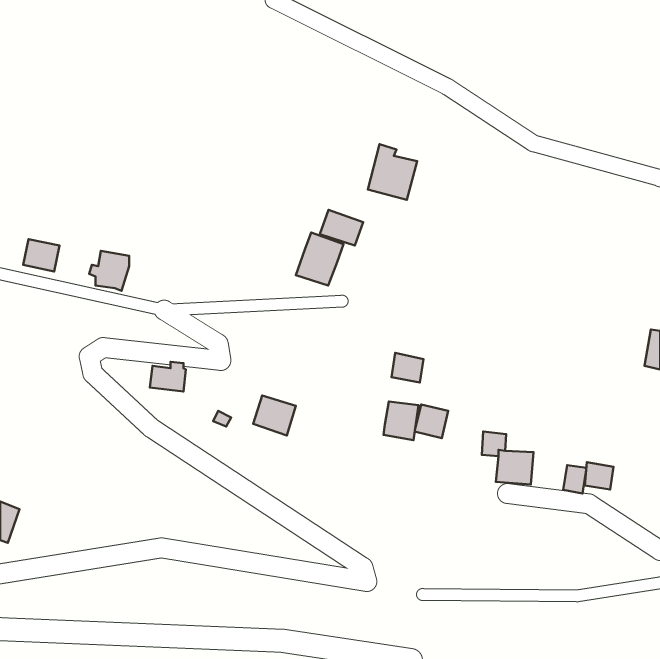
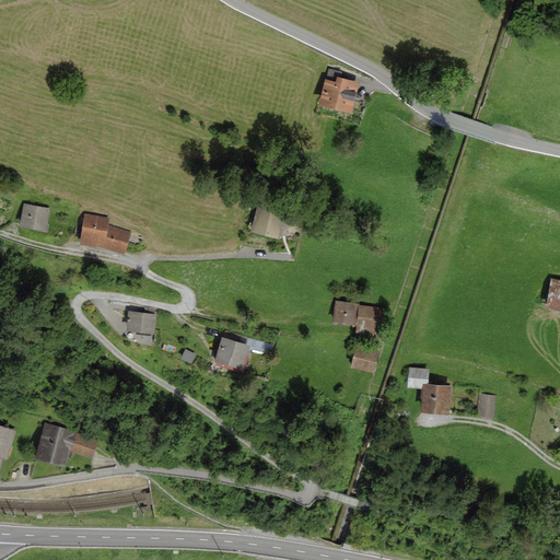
building: [368,144,417,200] -> [318,69,360,116]
building: [320,210,363,246] -> none
building: none -> [103,226,130,253]
building: [384,401,419,440] -> [354,305,384,338]
building: [585,462,613,490] -> none
building: none -> [35,423,97,468]

